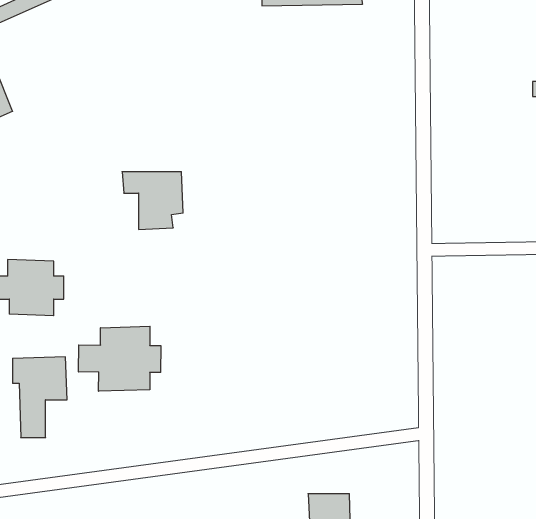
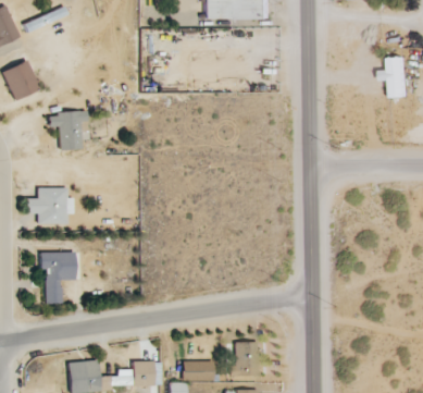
building: [122,172,183,229] -> [49,112,89,150]
building: [79,326,161,391] -> none

